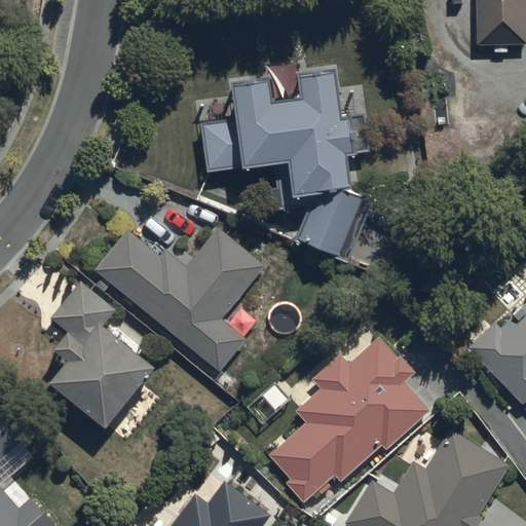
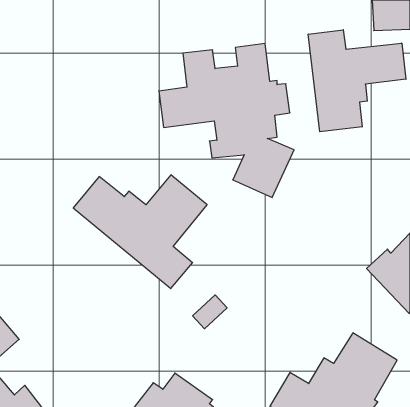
building: none -> [308,30,406,132]
building: [51,288,157,421] -> none
building: [268,337,429,504] -> none

